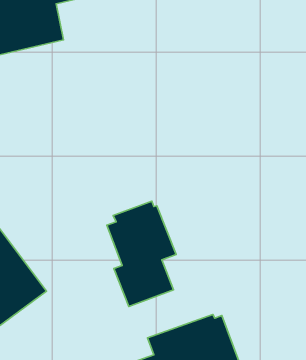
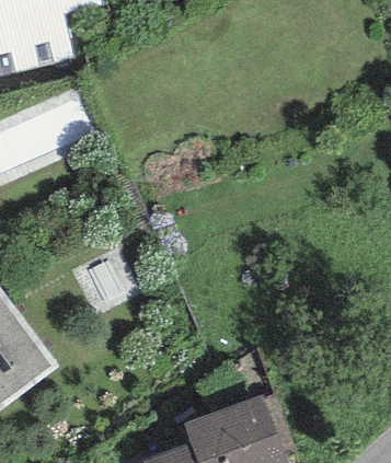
building: [107,201,176,306] -> none

